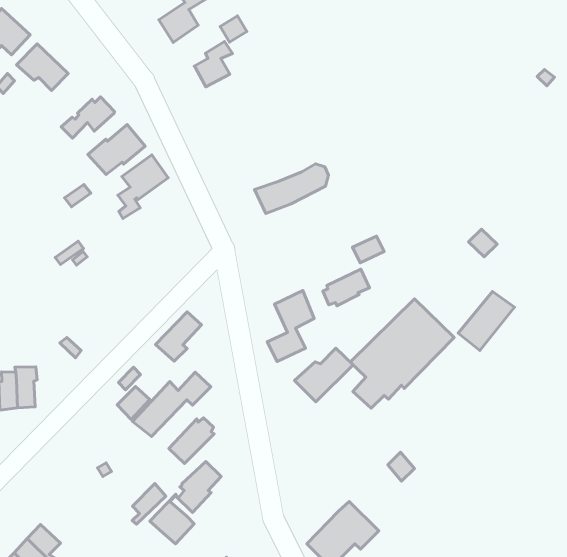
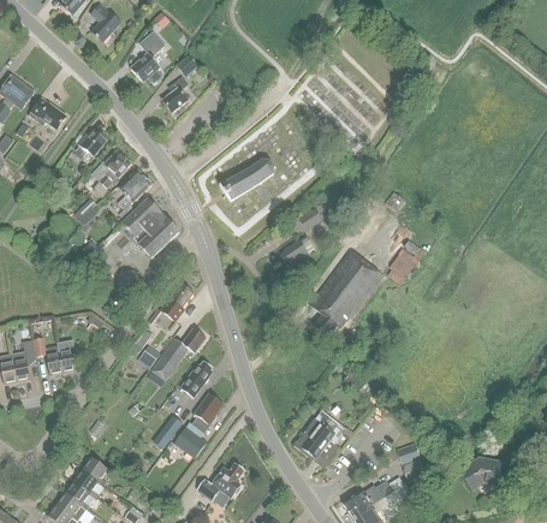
building: none -> [121,198,178,257]
building: [267,291,314,362] -> none
building: [295,348,353,402] -> none

